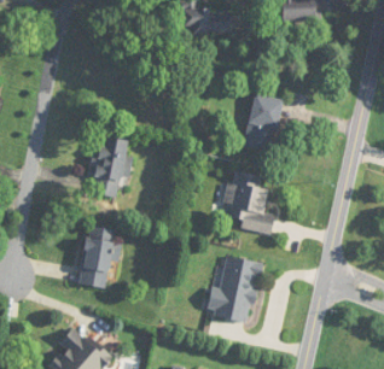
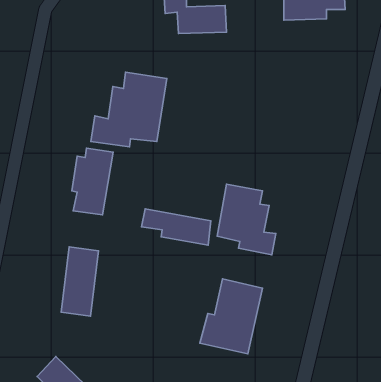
building: none -> [91,72,167,147]
building: [243,94,281,151] -> none
building: none -> [142,209,211,245]

